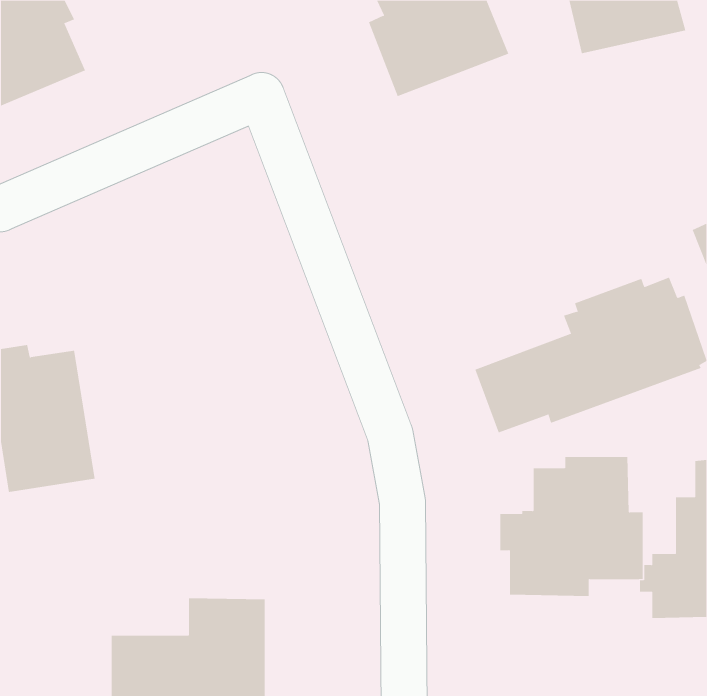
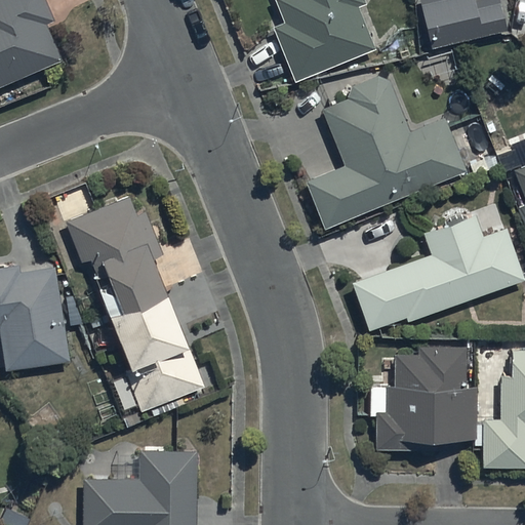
building: none -> [308,76,467,227]
building: none -> [65,195,205,414]

